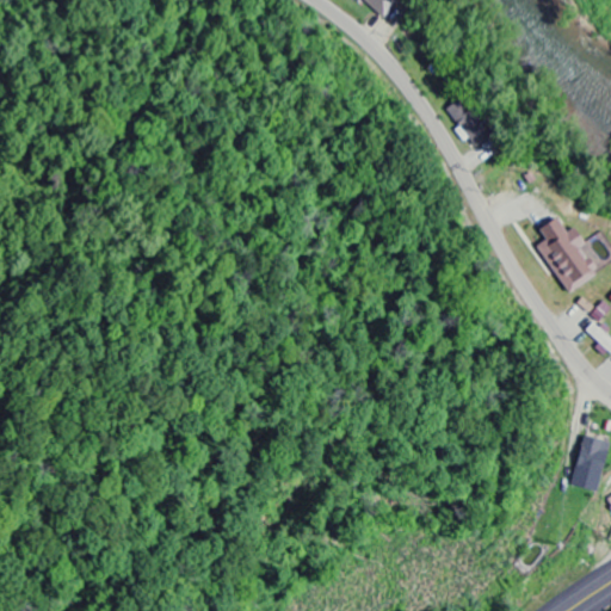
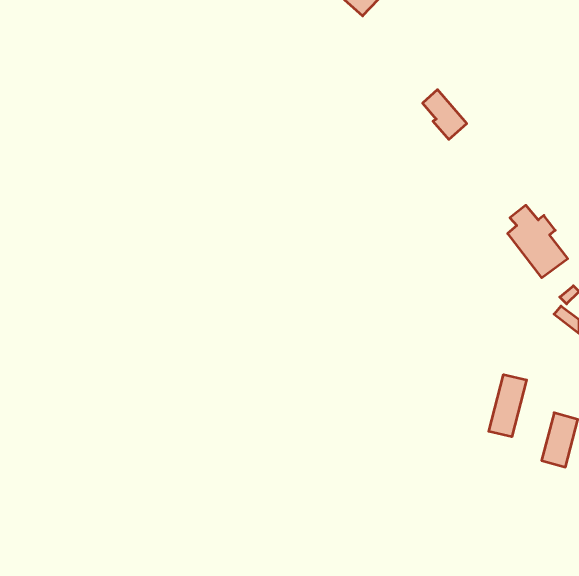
building: none -> [489,375,527,437]

